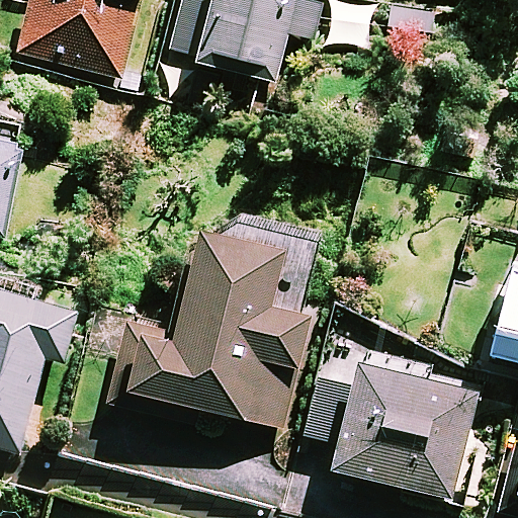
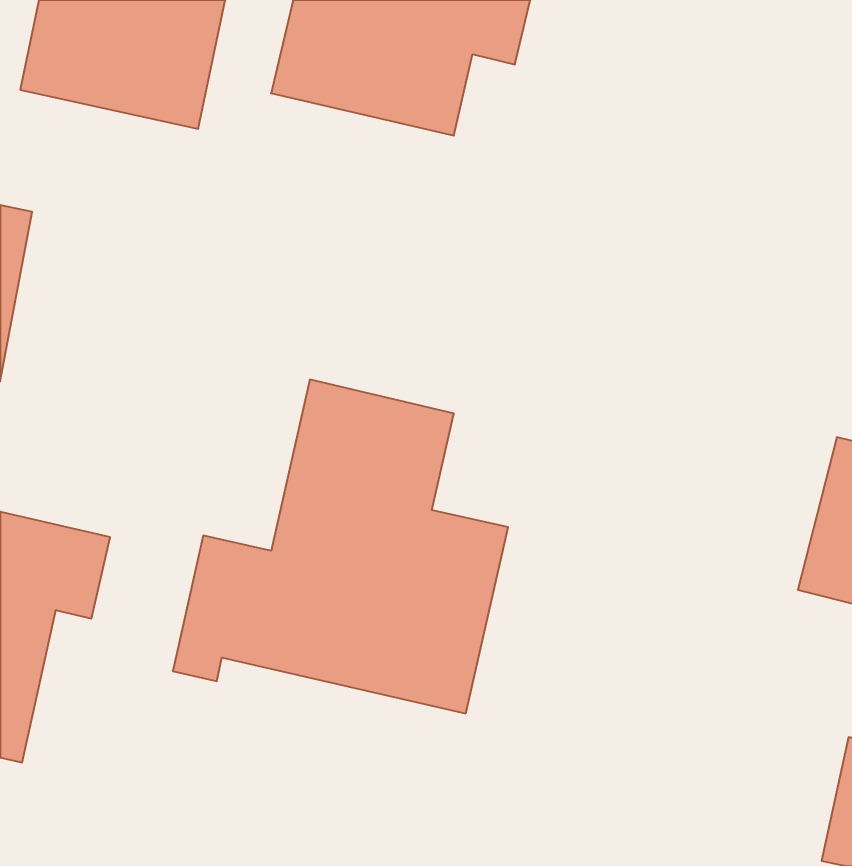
building: [306,362,480,500] -> none

